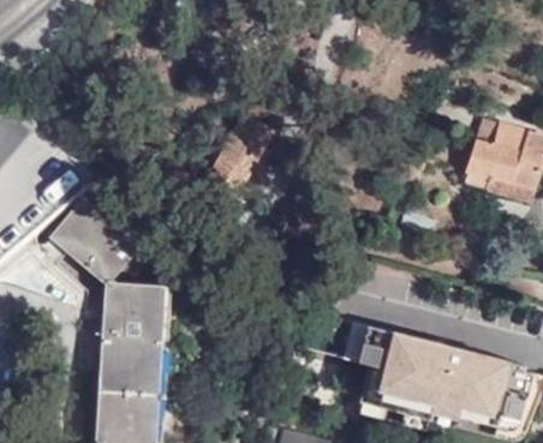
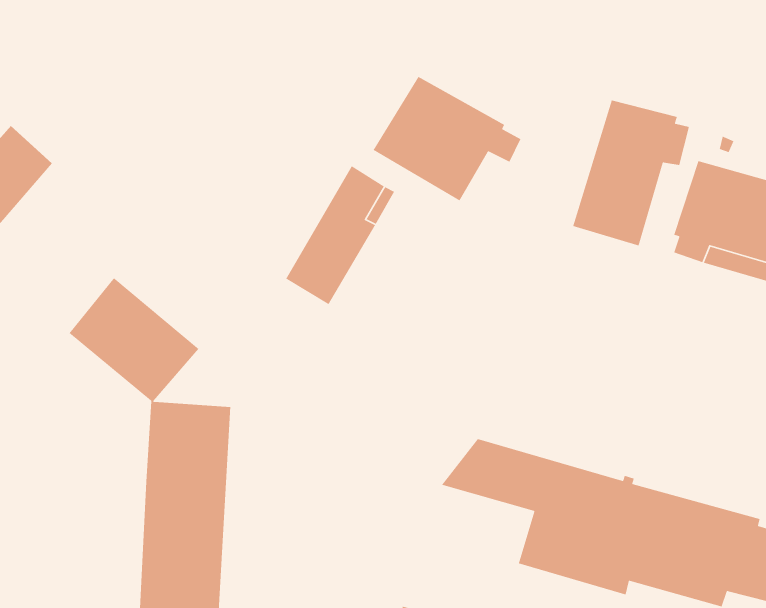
building: none -> [372,76,521,201]
building: none -> [572,100,690,246]

